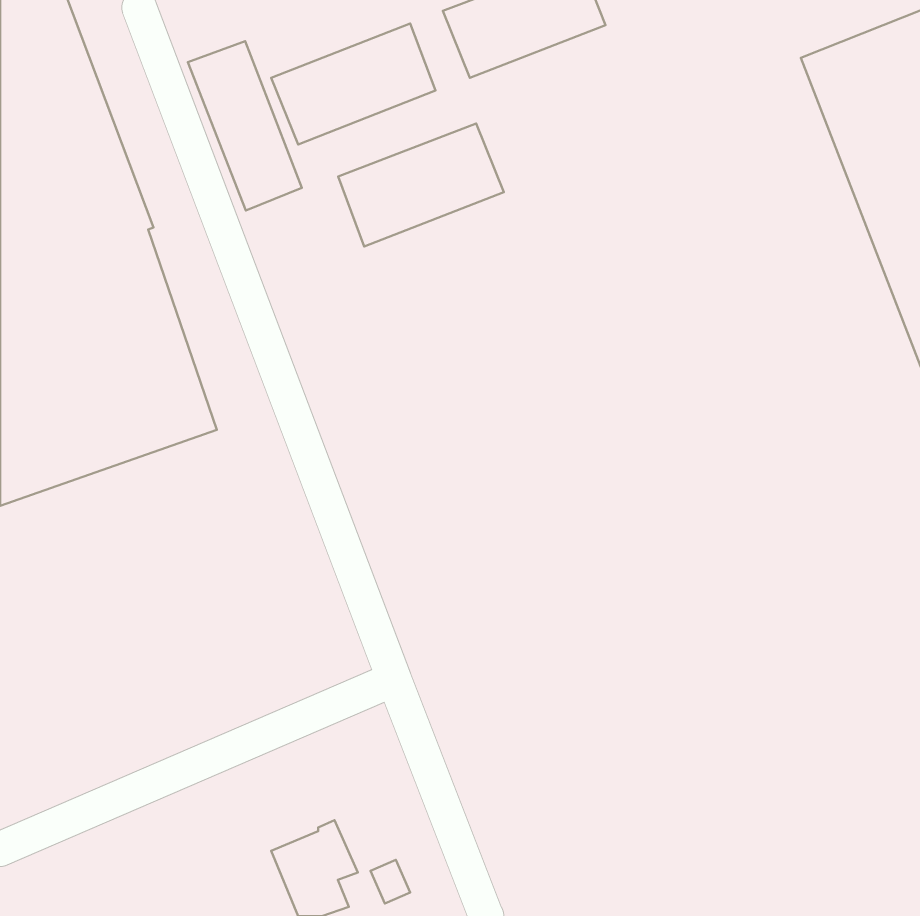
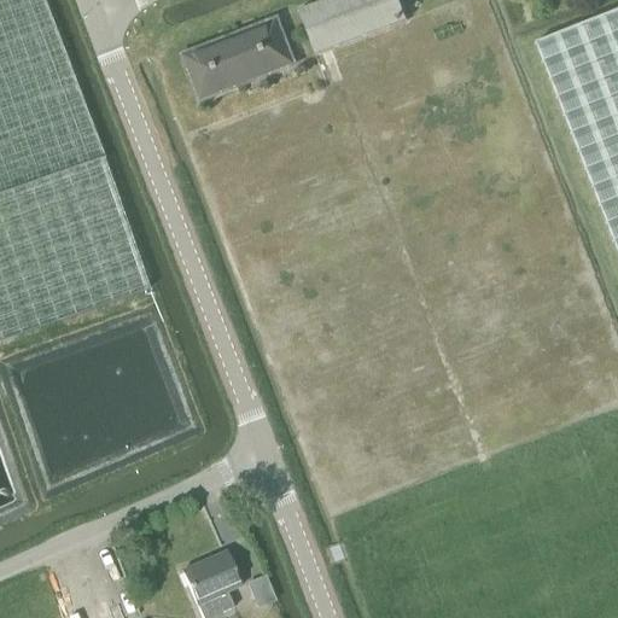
building: [188,41,302,211] -> none
building: [338,123,504,246] -> none

